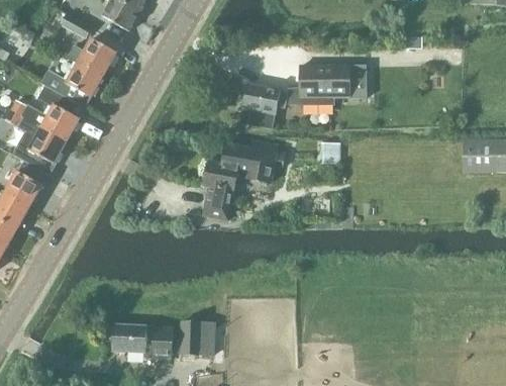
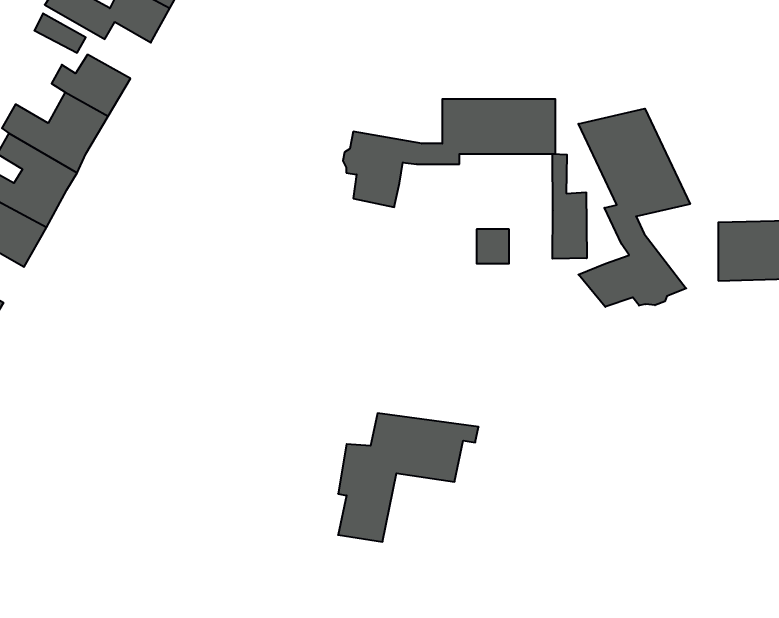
building: none -> [578,109,690,307]
building: none -> [552,154,587,259]
building: [203,142,286,218] -> [338,413,479,542]
building: [112,321,214,358] -> none

